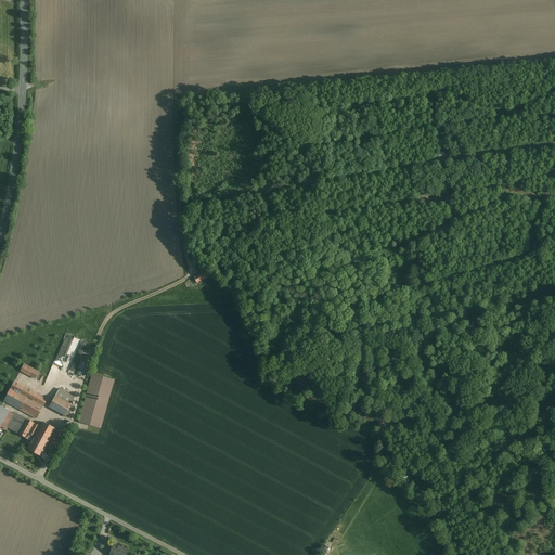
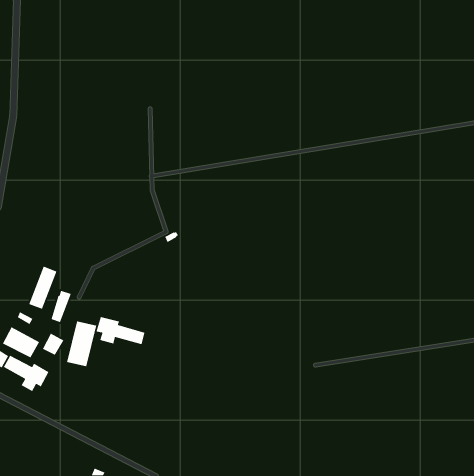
building: none -> [28,265,57,310]
building: none -> [95,316,145,345]

